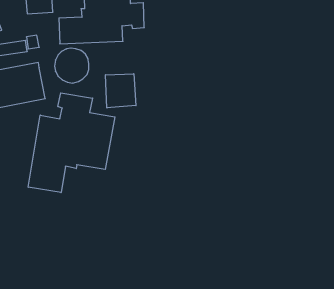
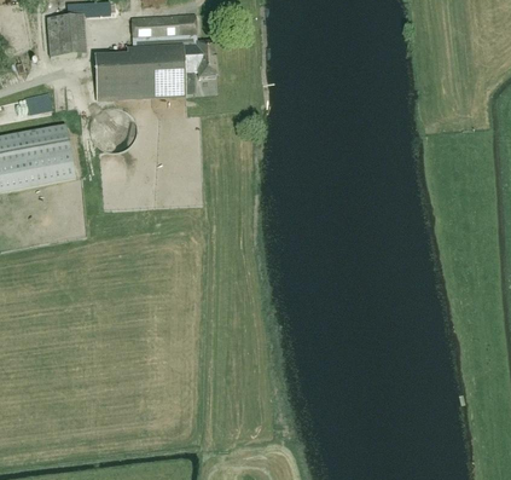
building: [106,74,136,108] -> none
building: [28,93,115,193] -> none

